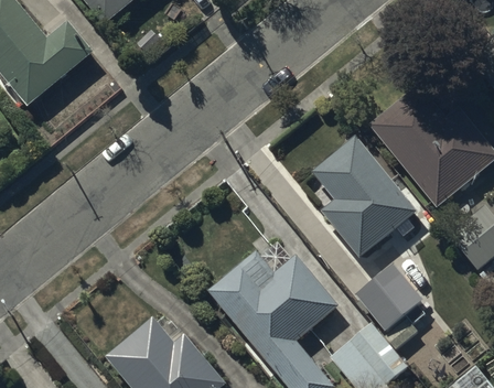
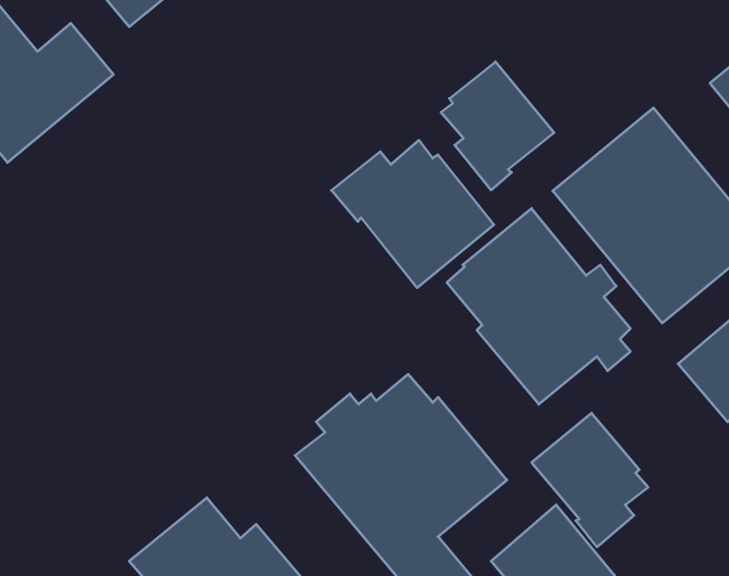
building: none -> [441,62,554,190]
building: none -> [331,140,494,288]

